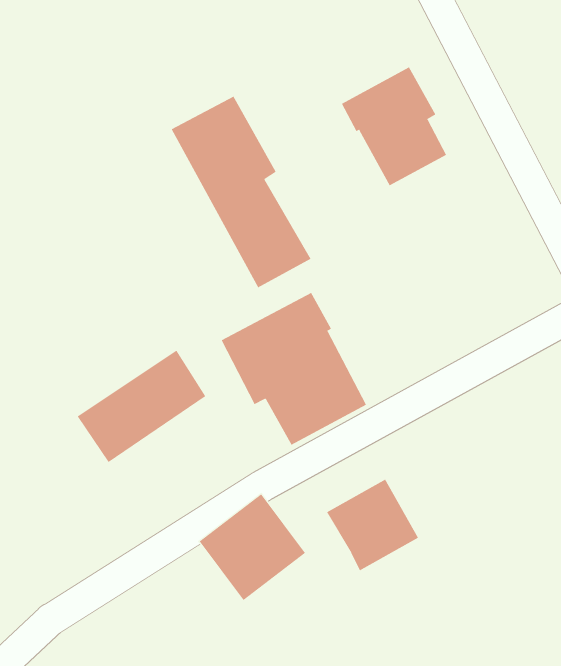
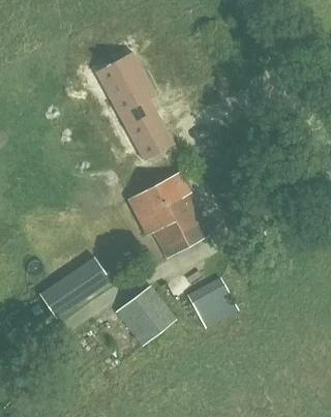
building: [341,66,447,186] -> none
building: [77,350,206,463] -> [38,256,111,319]

